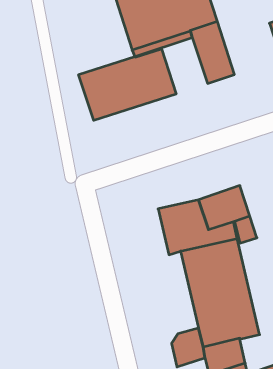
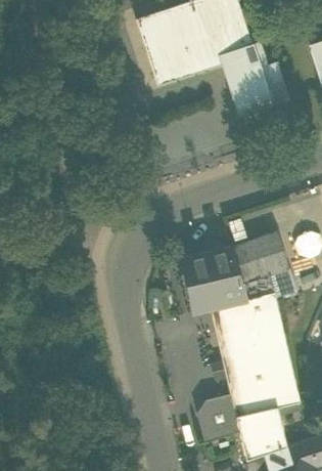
building: none -> [251,43,289,105]
building: [79,49,176,120] -> none

